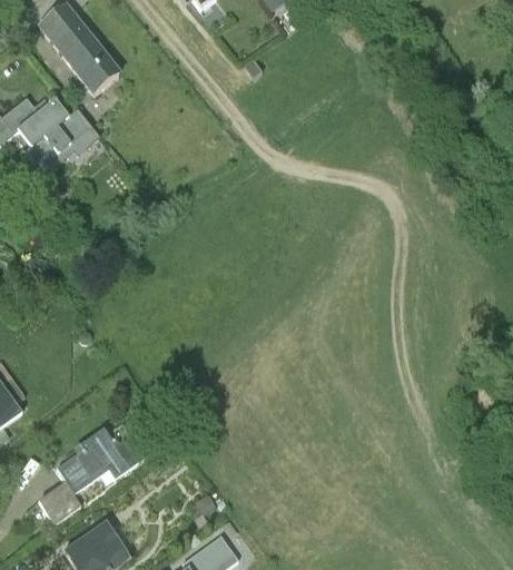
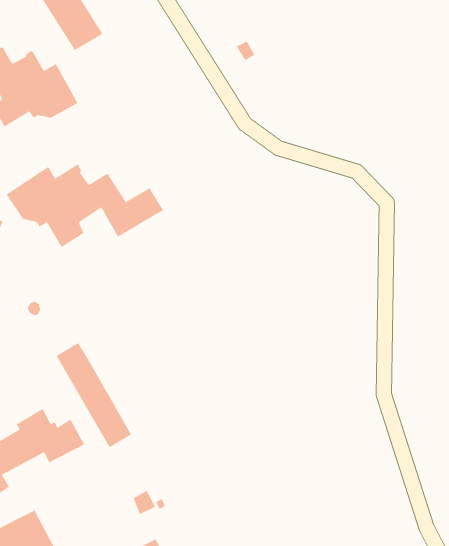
building: none -> [6,164,164,248]
building: none -> [56,342,132,448]

